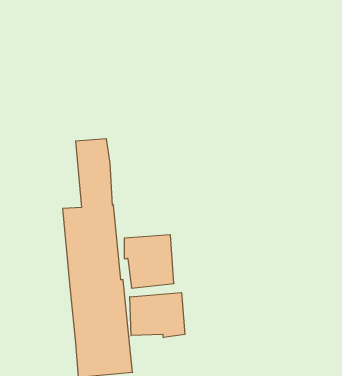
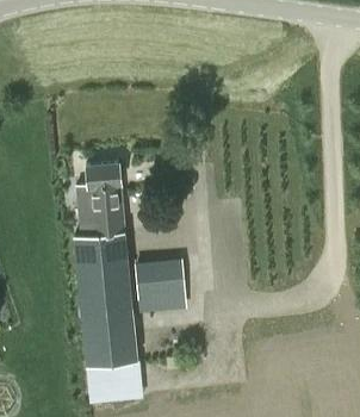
building: [130,293,185,338] -> none

